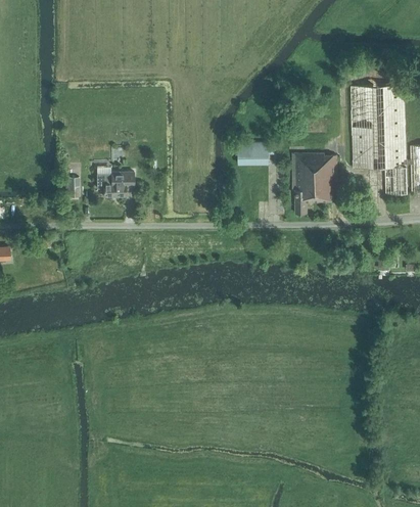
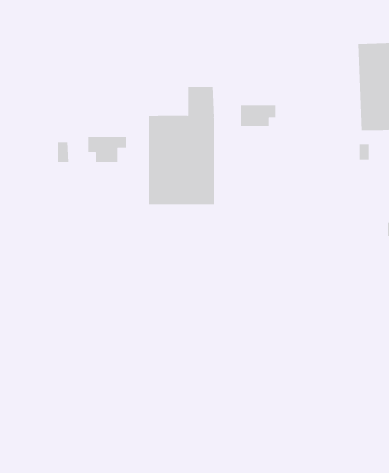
building: none -> [148,86,215,205]
building: [292,152,338,213] -> none

